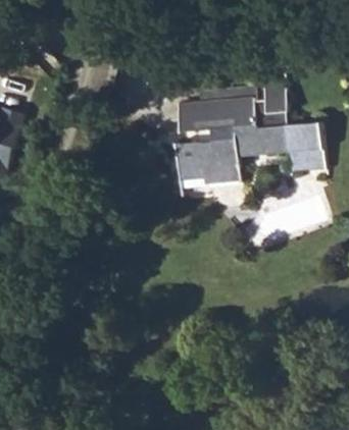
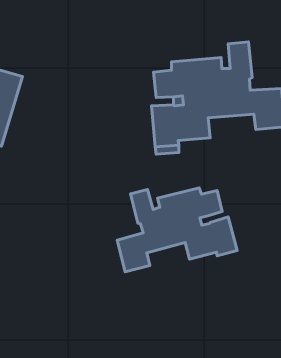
building: none -> [117,188,237,272]

